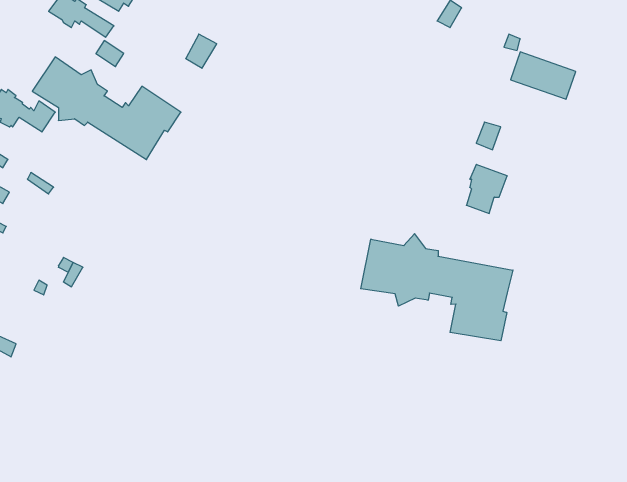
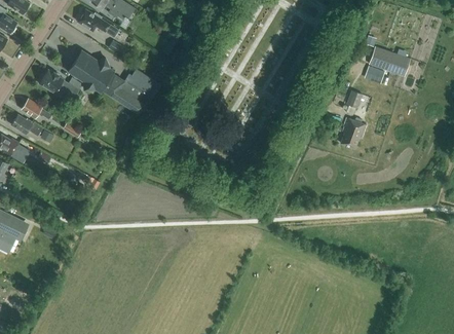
building: [361,234,513,341] -> none

